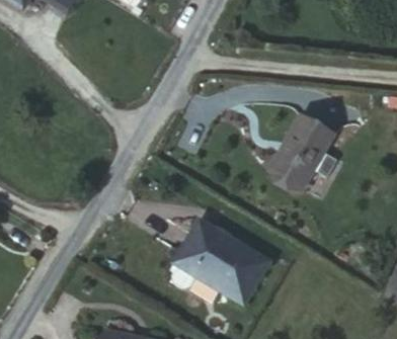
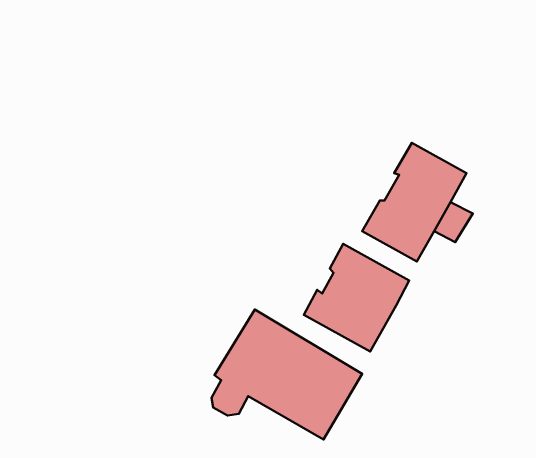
building: none -> [304,244,409,352]

